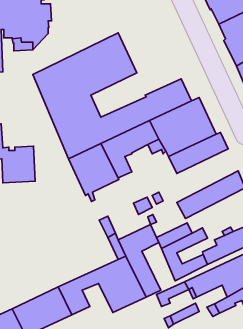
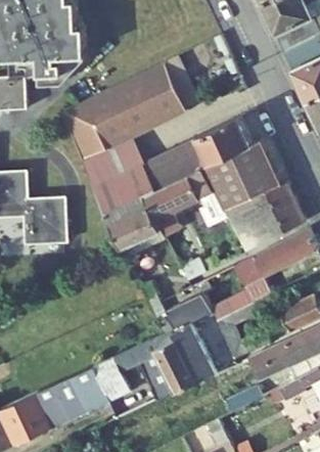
building: none -> [235,201,306,252]

